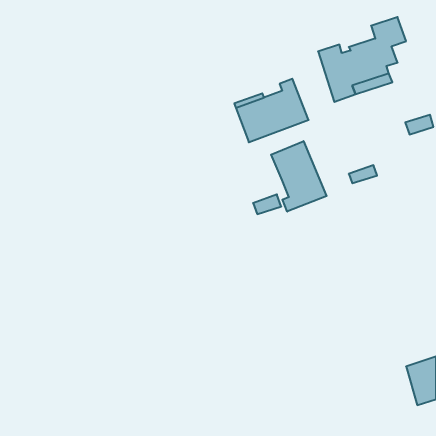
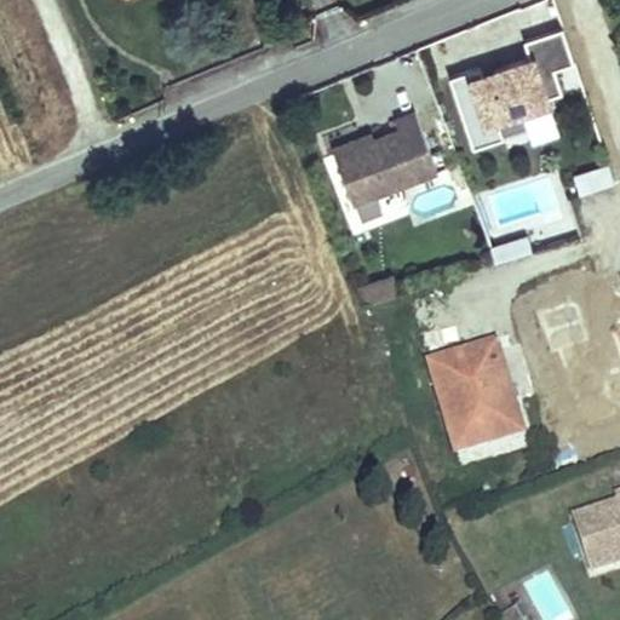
building: [271,141,327,212] -> none
building: none -> [430,349,522,457]

